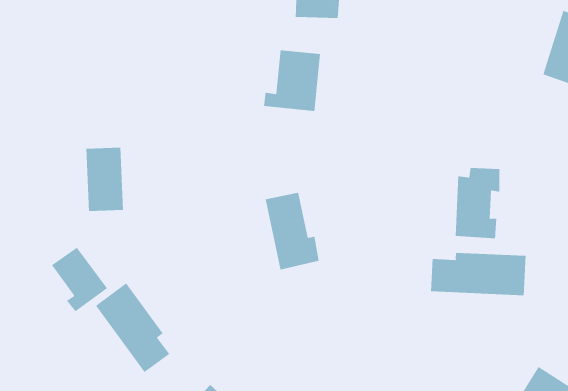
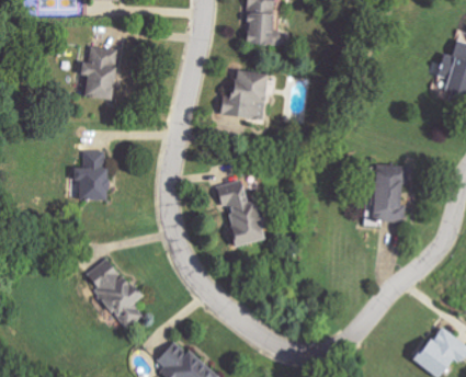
building: none -> [83,43,121,98]
building: [51,247,108,312] -> none
building: [431,252,526,296] -> none

